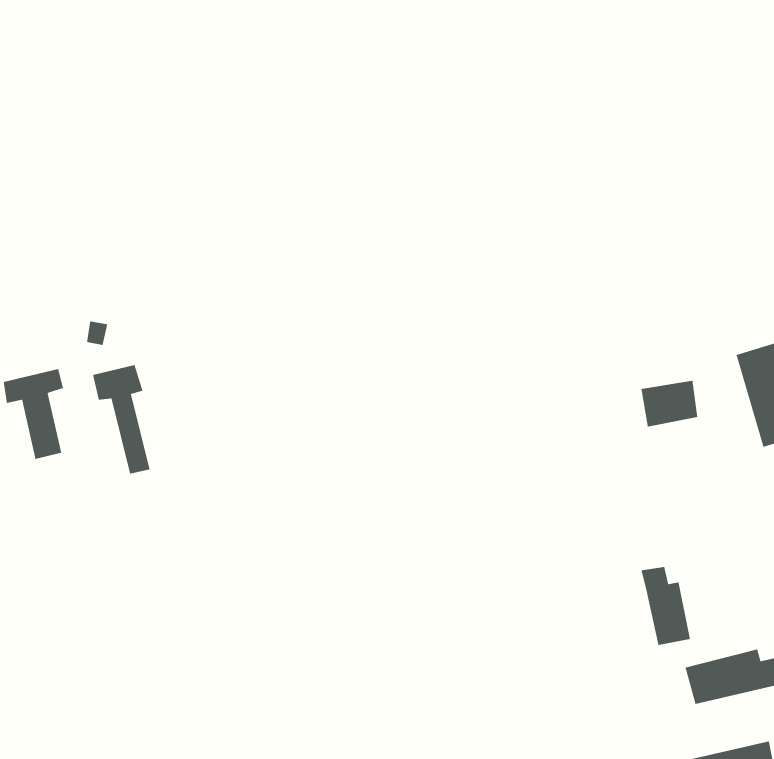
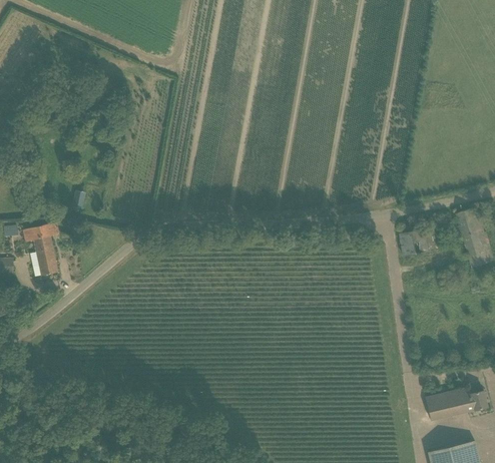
building: [92,364,151,475] -> none
building: [641,566,691,646] -> none

